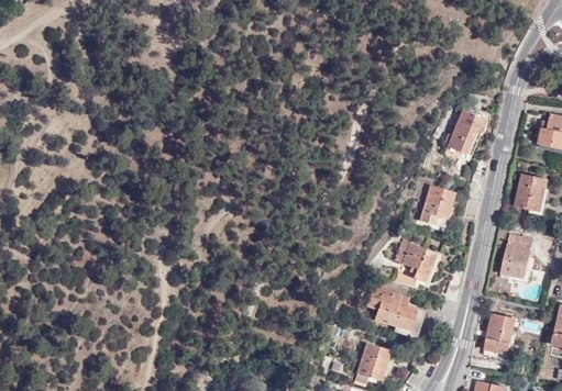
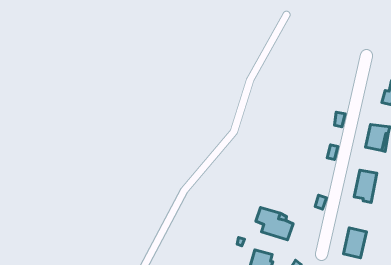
building: [450,113,484,156] -> none
building: [419,187,453,227] -> none
building: [394,238,436,282] -> none

